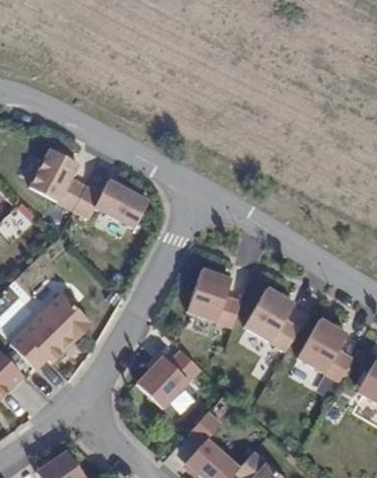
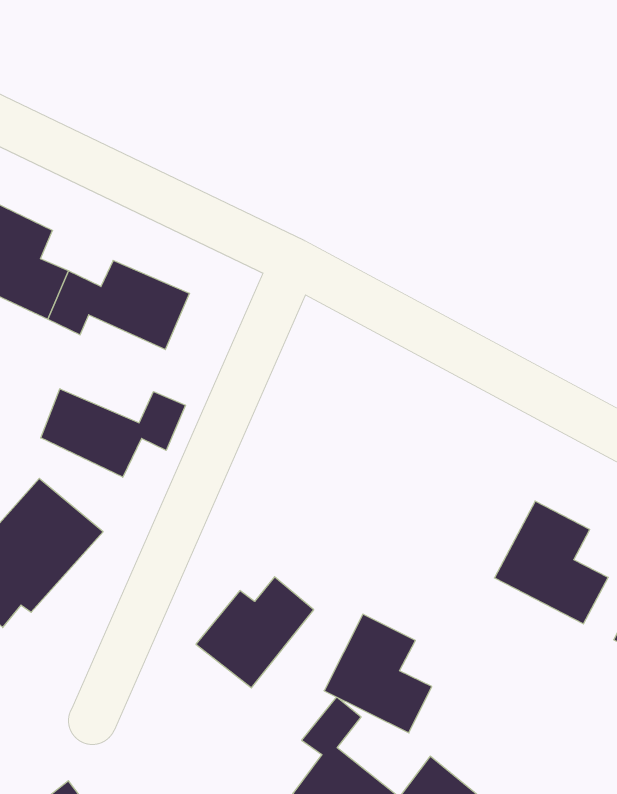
building: none -> [41,389,186,477]
building: [184,269,242,329] -> none
building: [243,288,299,351] -> [324,614,432,733]

